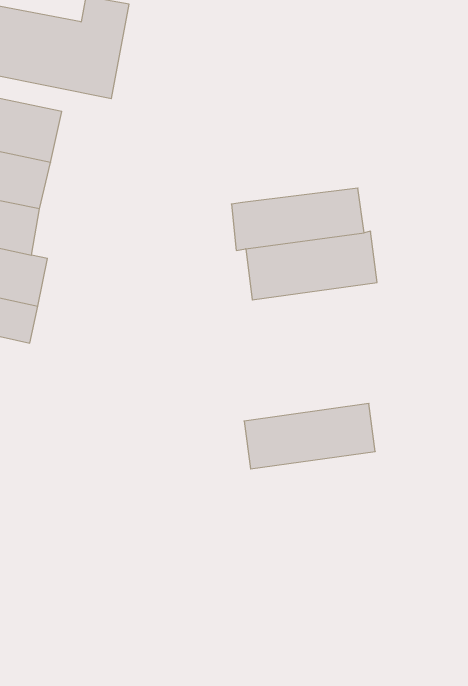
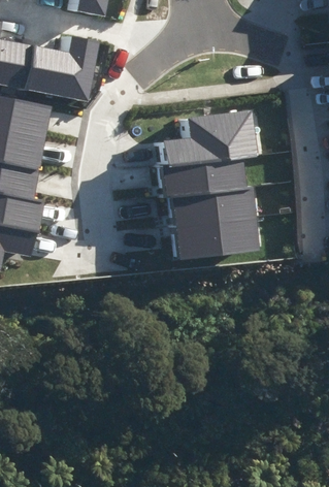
building: none -> [164,109,256,166]
building: [244,403,375,469] -> [174,218,259,260]

